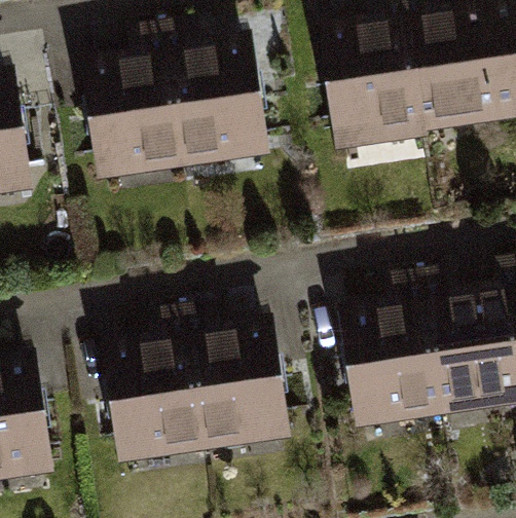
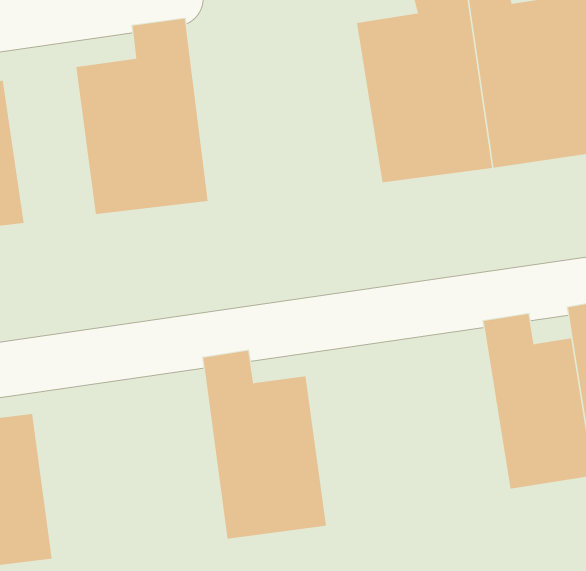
building: [170,10,269,170] -> none
building: [336,270,443,425] -> none
building: [103,301,205,465] -> none

